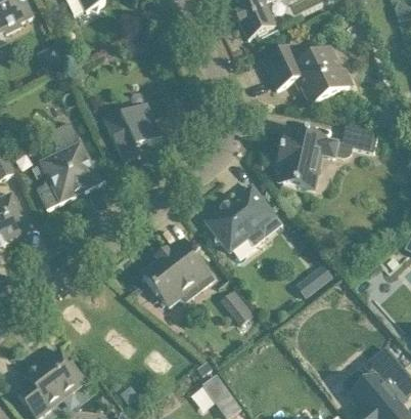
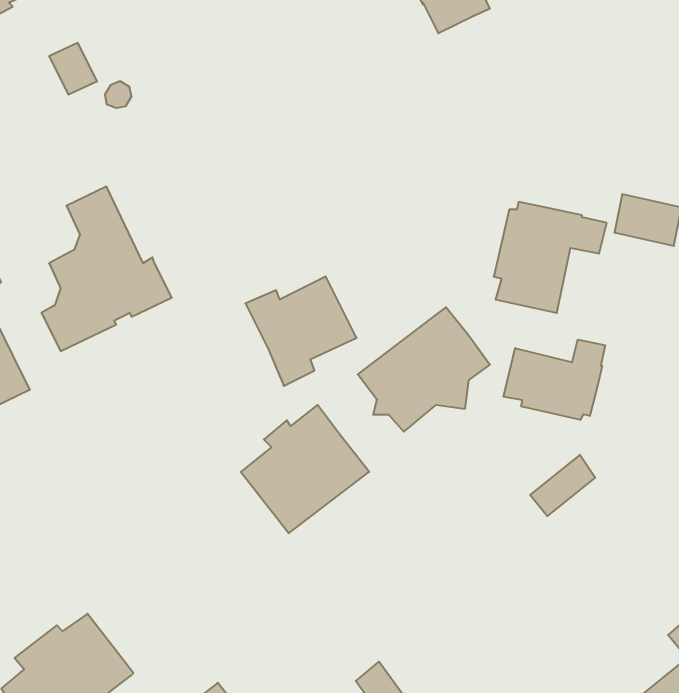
building: [262,43,353,103] -> none
building: [102,102,162,161] -> [245,277,357,386]
building: none -> [504,340,605,420]
building: [220,288,254,325] -> none

